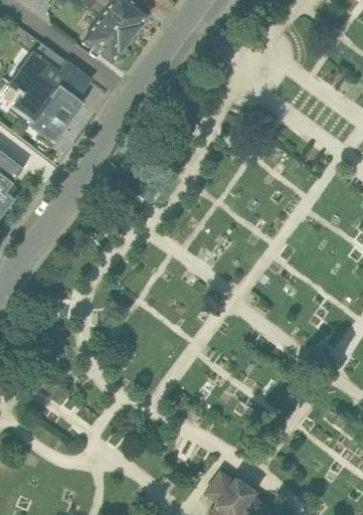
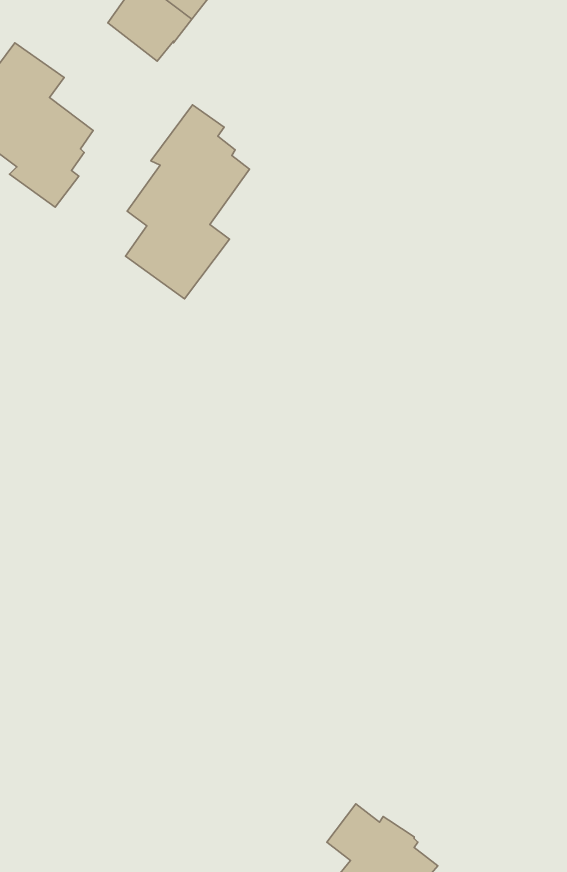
building: [52,61,93,101] -> none
building: none -> [126,105,249,299]

